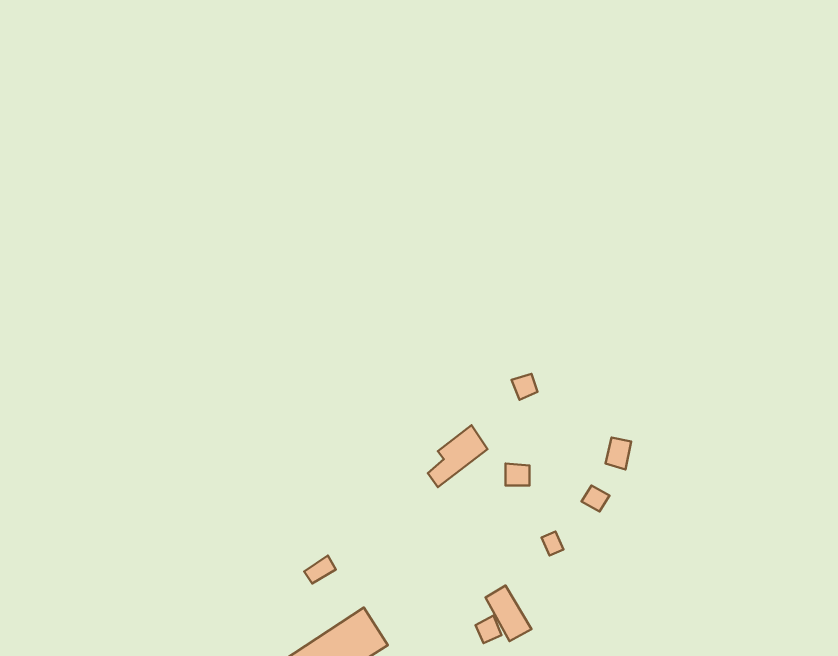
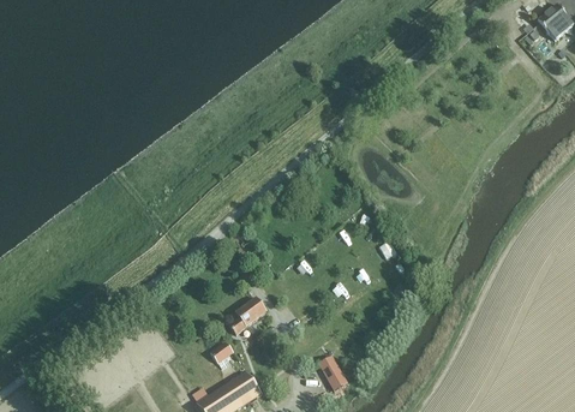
building: [428,425,488,487] -> [230,297,266,334]

